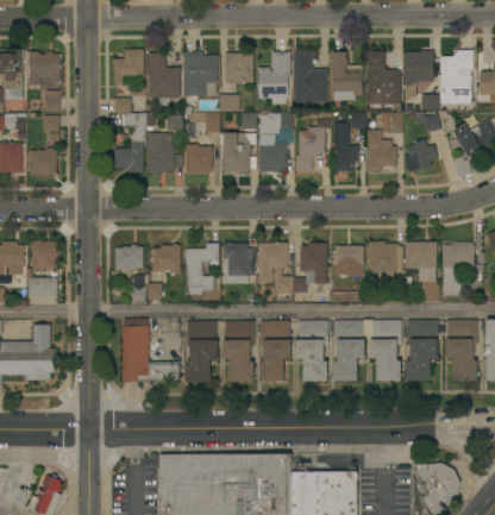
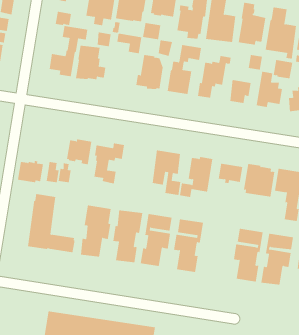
building: [184,144,212,172] -> none
building: [223,243,255,284] -> none
building: [114,244,143,270] -> [17,161,44,183]
building: [332,320,364,381] -> none

